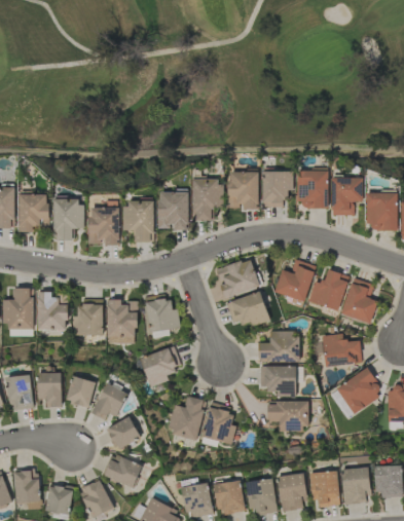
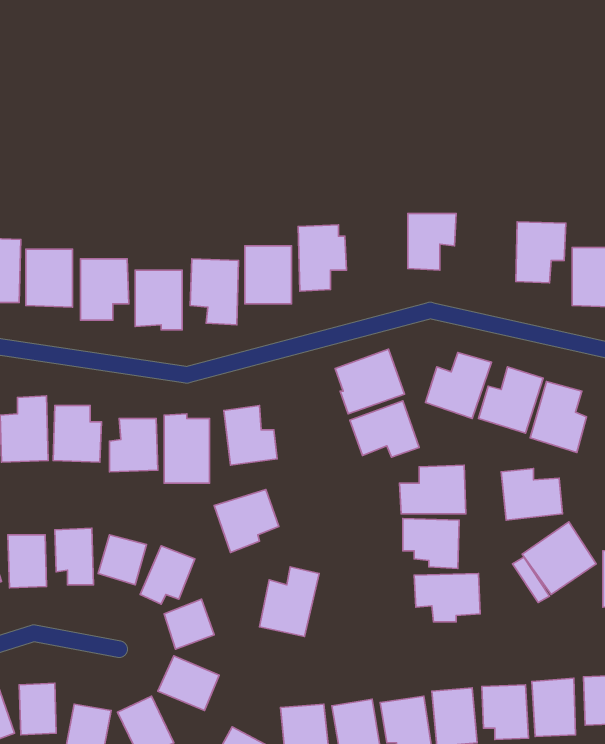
building: [296,171,328,208] -> none
building: [227,173,258,210] -> none
building: [200,402,235,445] -> none

